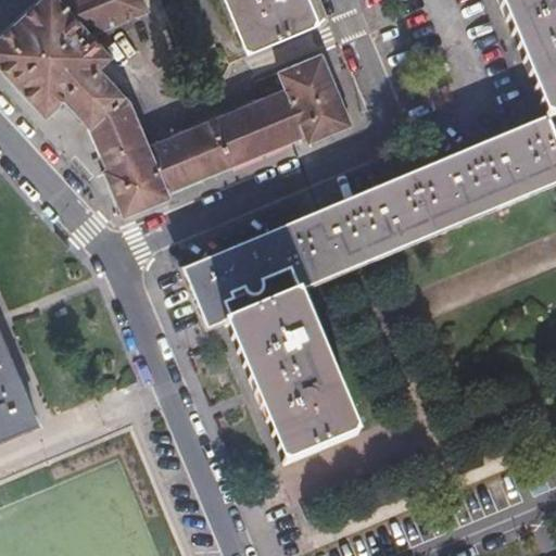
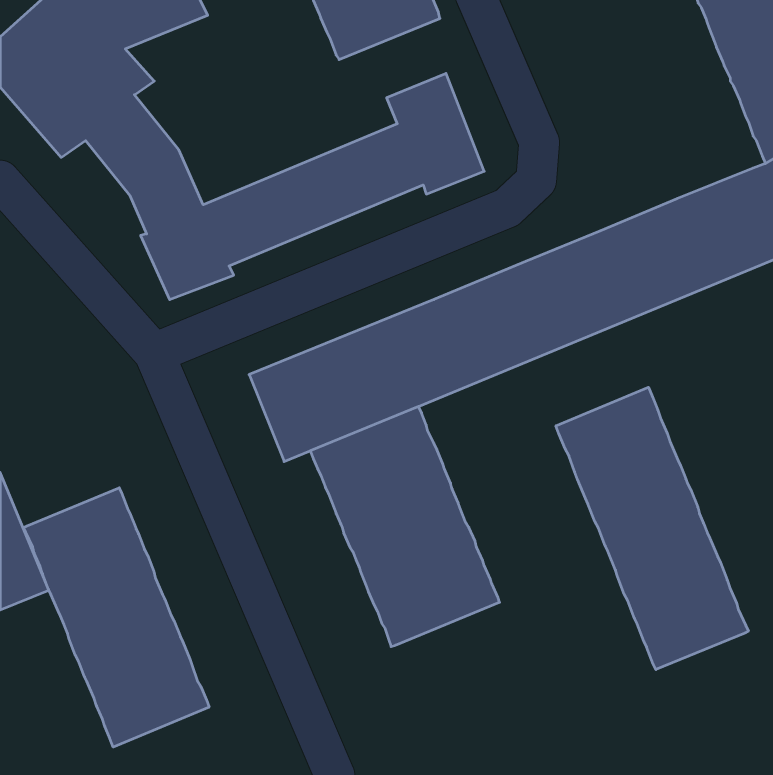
building: none -> [556,387,748,670]
building: none -> [23,488,209,747]

